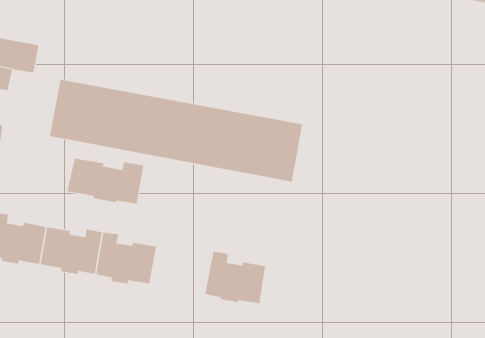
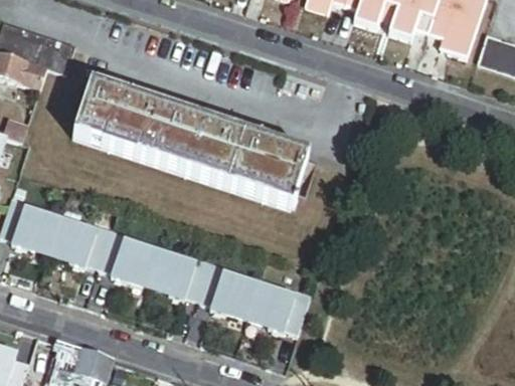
building: [67,158,144,204] -> none
building: none -> [148,251,210,302]
building: none -> [247,283,309,334]

